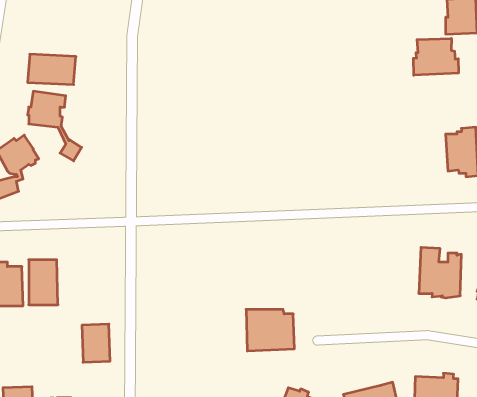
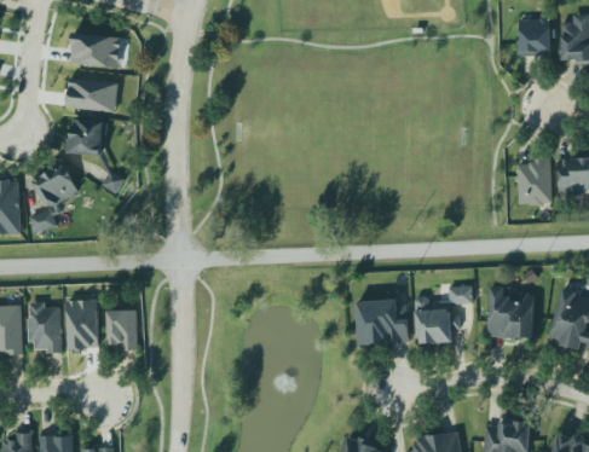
building: none -> [71,34,121,66]
building: [413,38,458,75] -> none
building: none -> [416,285,472,343]
building: [246,309,294,351] -> [357,300,409,344]
building: [82,324,110,362] -> [108,309,138,350]

